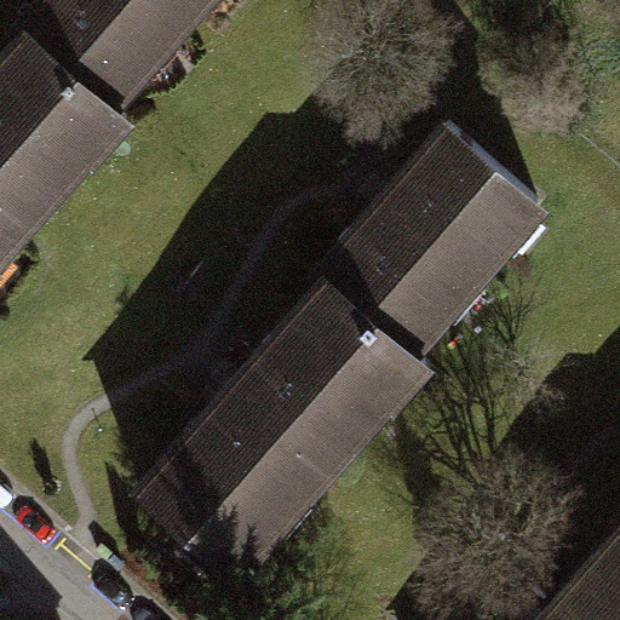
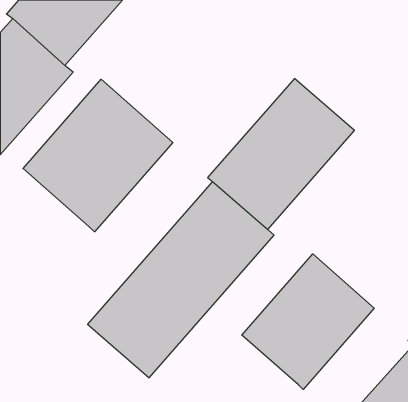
building: none -> [23,79,173,232]
building: none -> [242,254,374,389]

